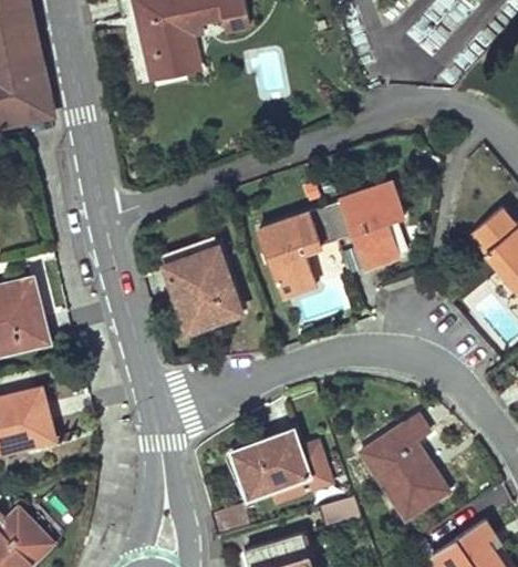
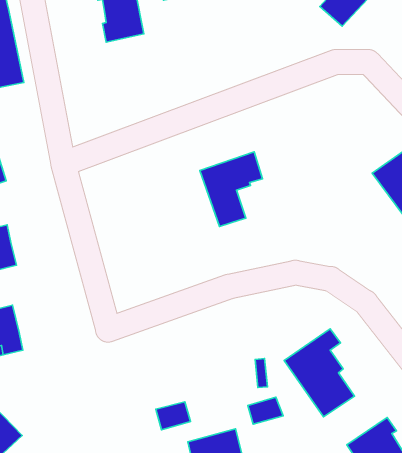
building: [327,182,405,266] -> none
building: [168,244,242,327] -> none
building: [234,429,313,502] -> none

